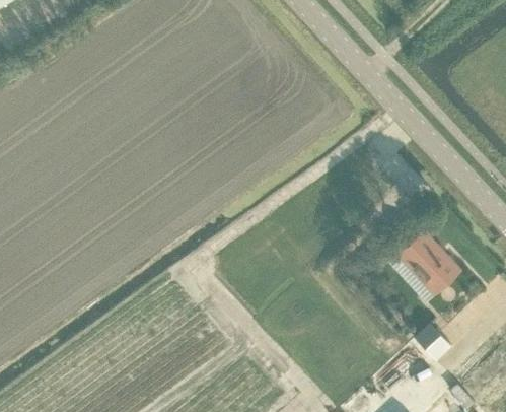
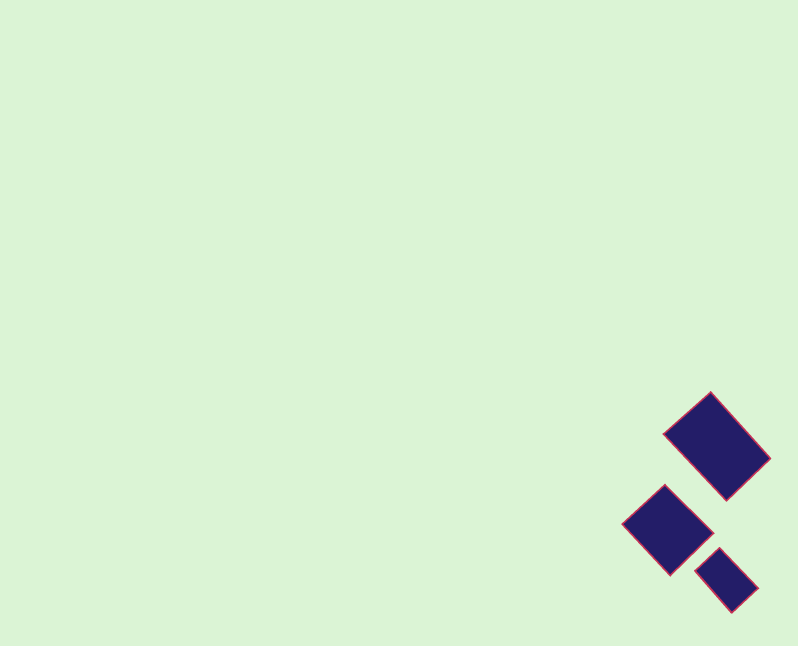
building: none -> [622,485,714,576]

